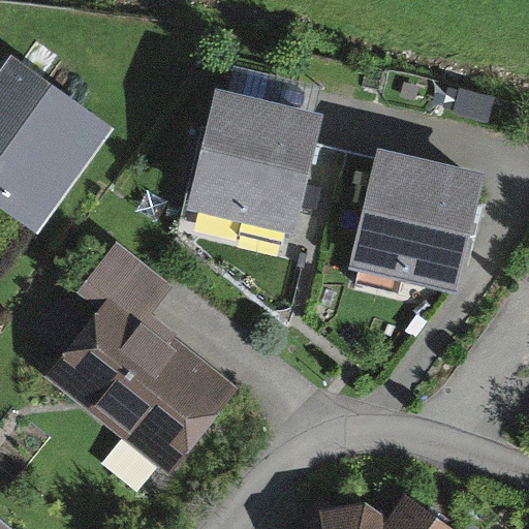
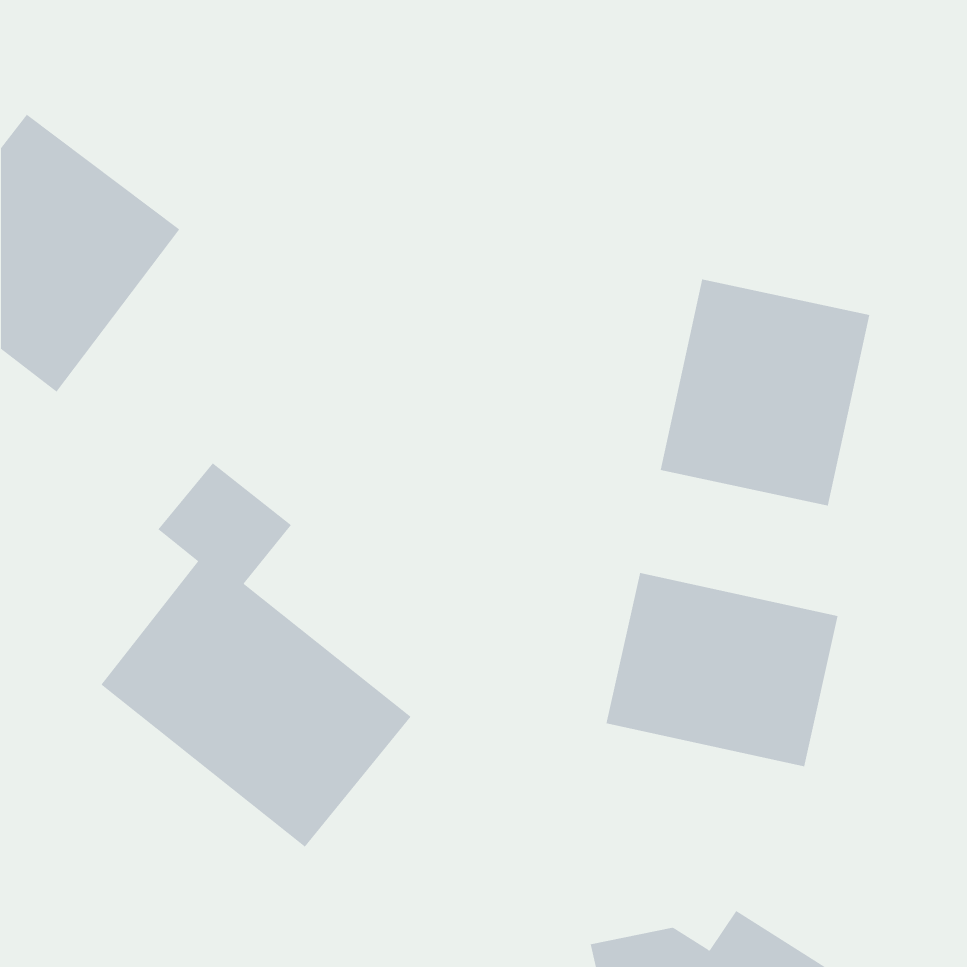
building: [199,94,312,215] -> none
building: none -> [606,572,838,767]

